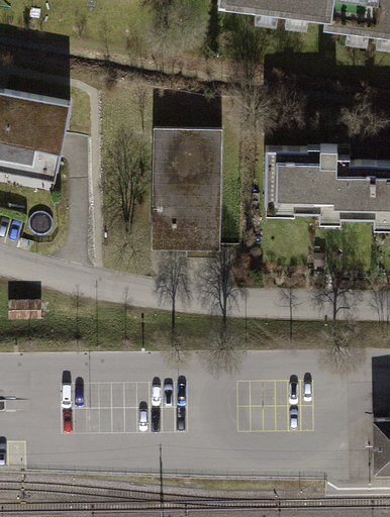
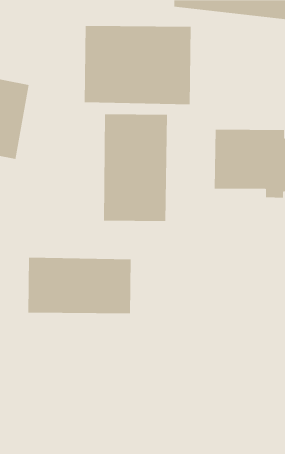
building: none -> [84,25,191,105]
building: none -> [28,257,131,314]

